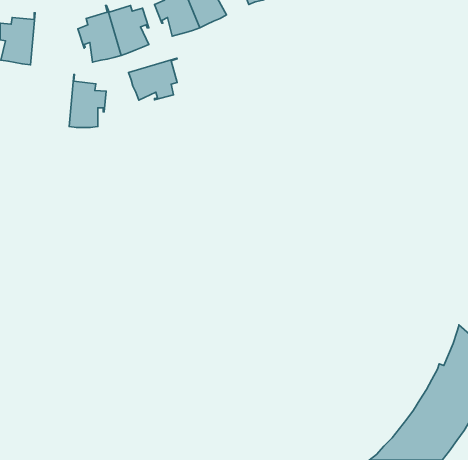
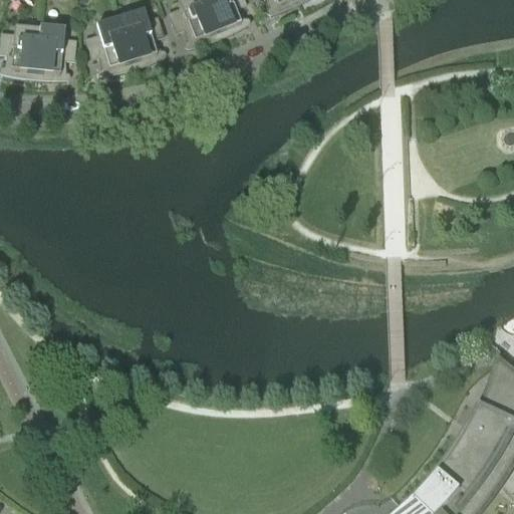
building: [129,58,177,100] -> none
building: [69,75,106,127] -> [38,14,78,71]

